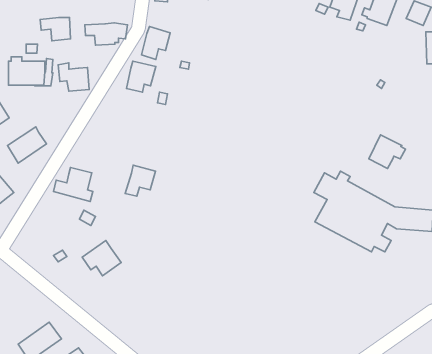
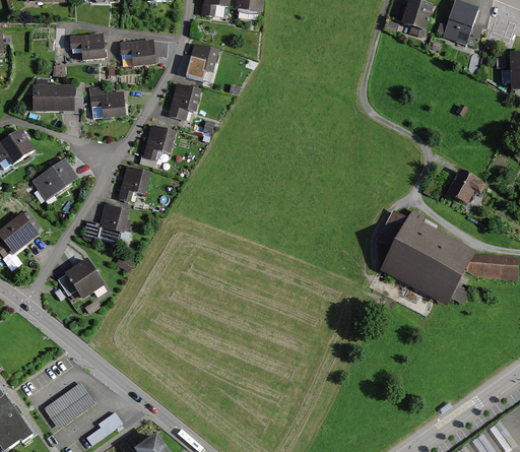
building: none -> [141,127,176,166]
building: [125,165,155,196] -> [118,167,152,202]
building: [82,240,121,276] -> [60,261,105,302]

